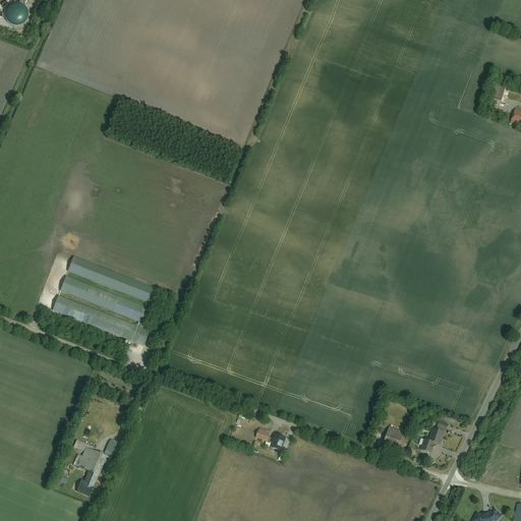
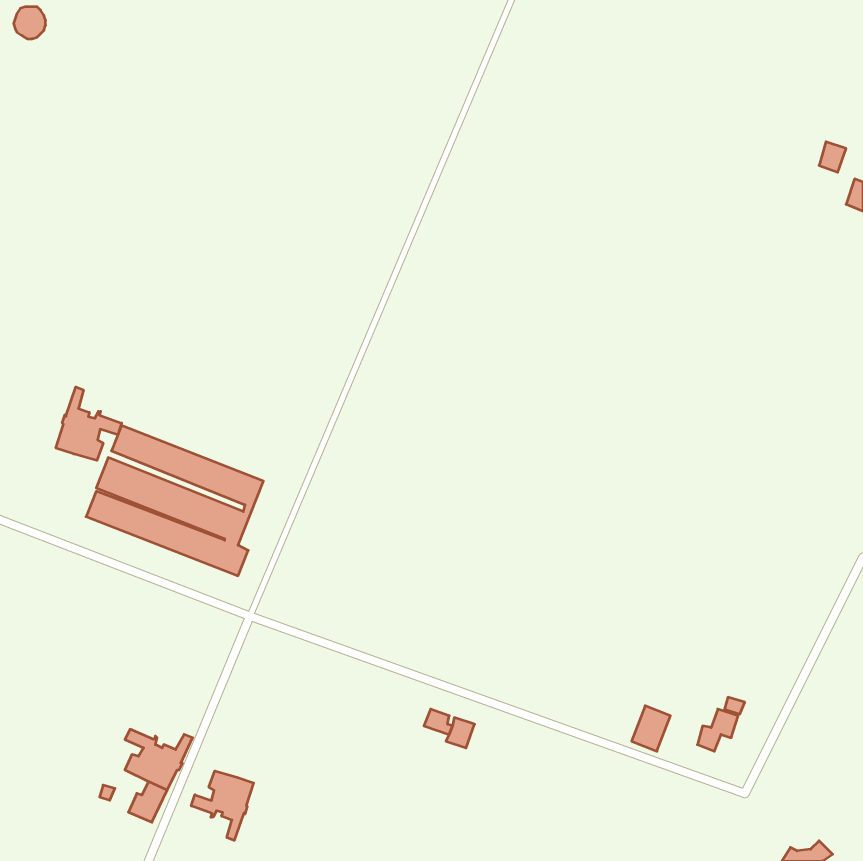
building: none -> [56,387,122,460]
building: none -> [191,771,254,840]

